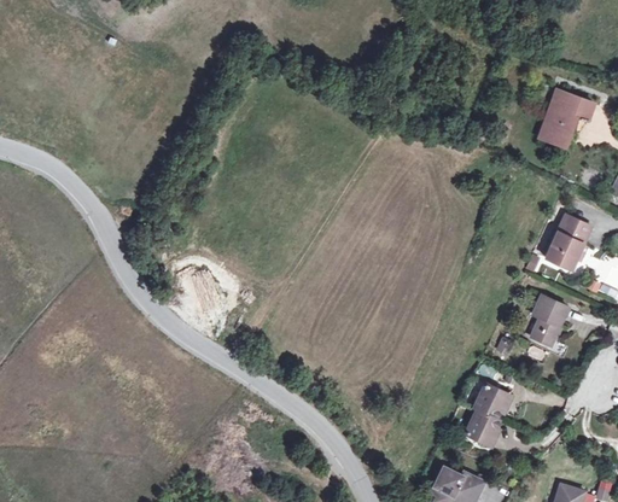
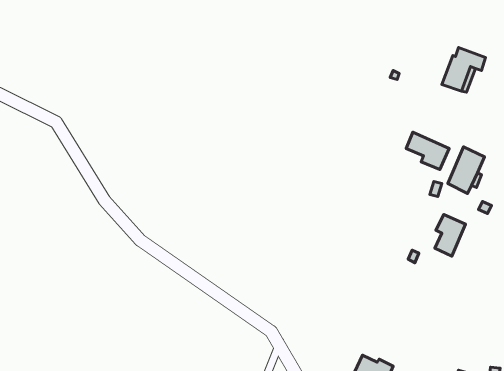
building: none -> [406,132,449,169]
building: [466,384,508,444] -> none

